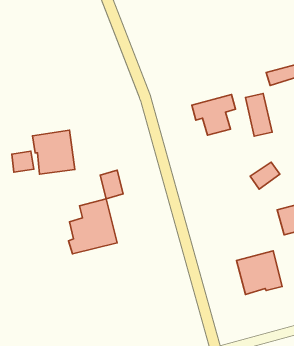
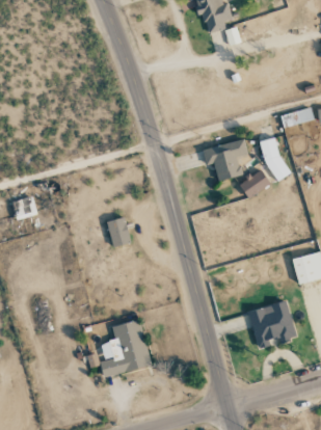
building: [33,130,75,174] -> none
building: [250,162,280,189] -> [239,170,270,198]
building: [69,199,117,254] -> [100,320,151,377]

